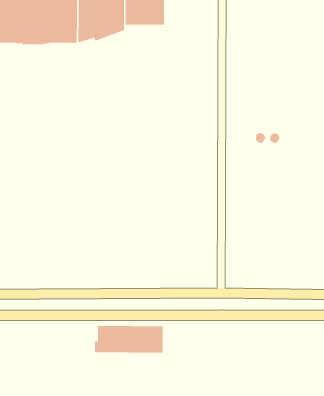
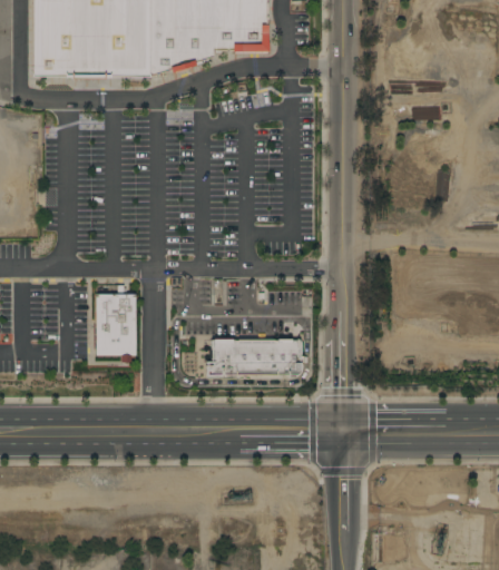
building: none -> [91,291,134,354]
building: [94,325,164,353] -> [203,336,297,374]

